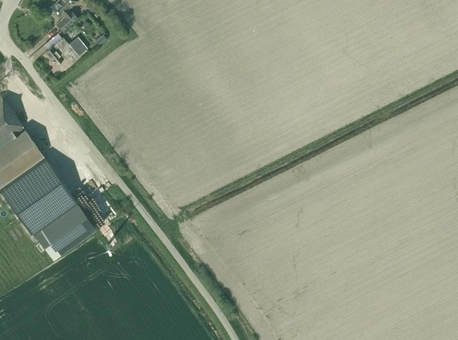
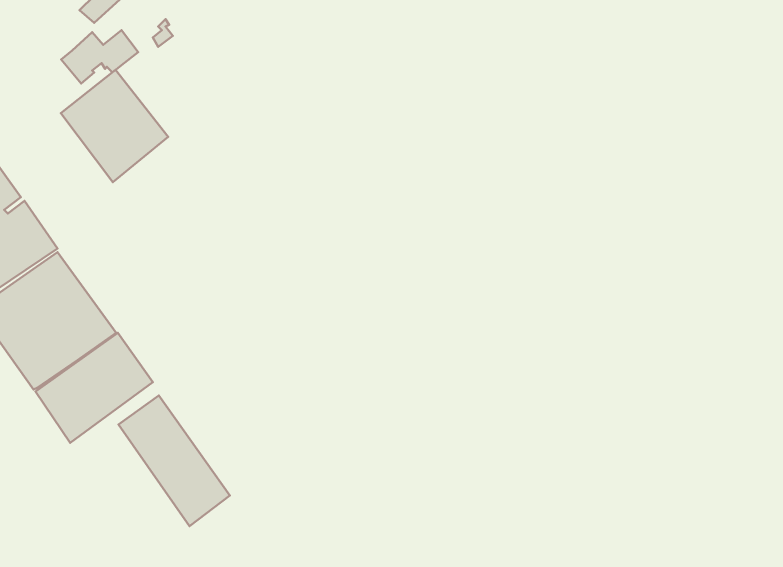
building: none -> [61,70,168,182]
building: none -> [118,395,230,526]

